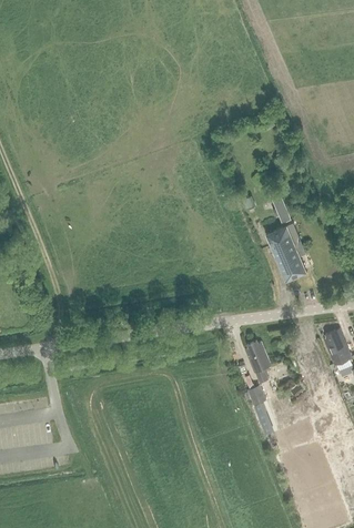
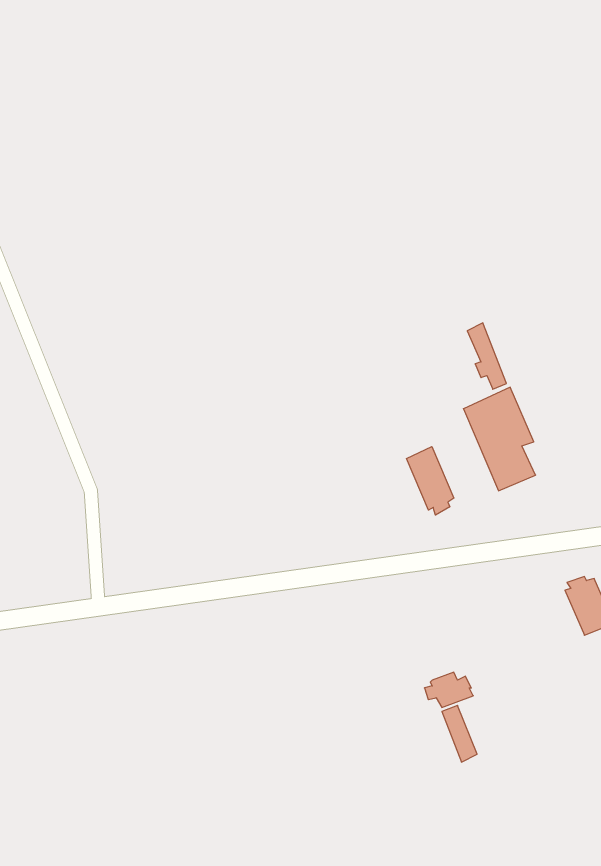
building: none -> [406,447,454,515]
building: [245,339,272,382] -> none

